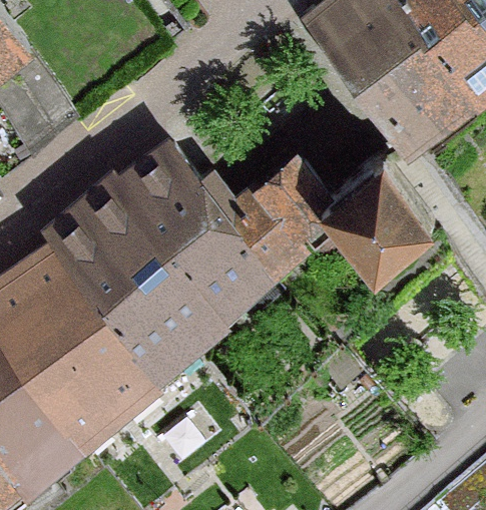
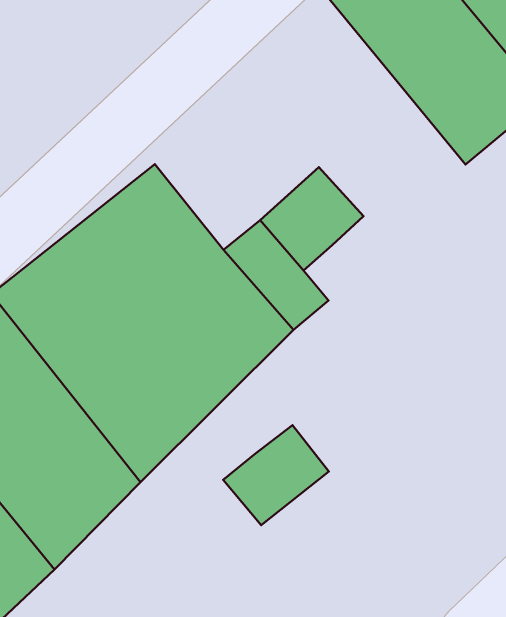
building: [304,161,420,278] -> none
building: none -> [223,425,329,525]

